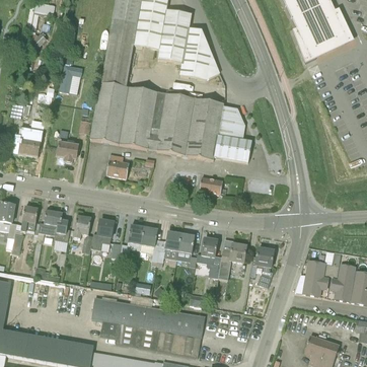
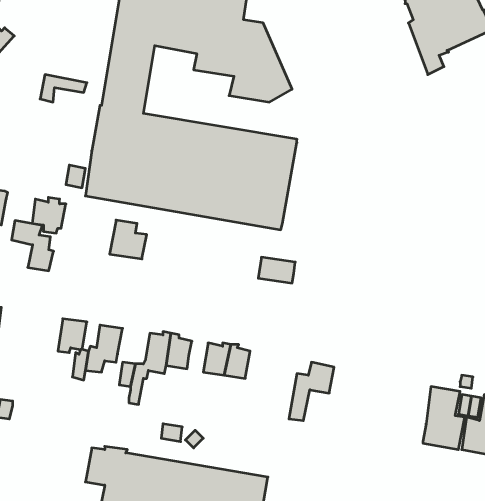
building: [214,105,251,162] -> none
building: [44,211,70,242] -> [12,221,54,271]
building: [196,238,223,279] -> none
building: [255,248,274,288] -> none

